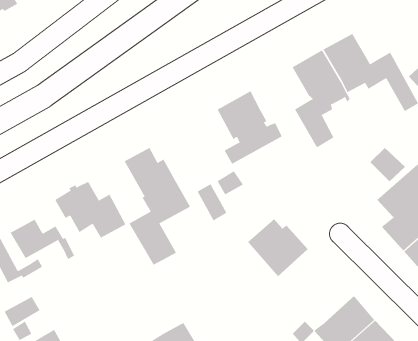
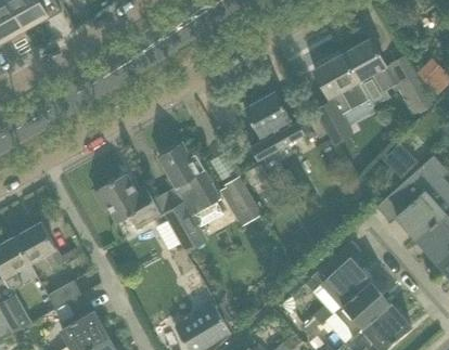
building: [247,219,308,277] -> [315,251,371,306]
building: [10,219,75,260] -> none

